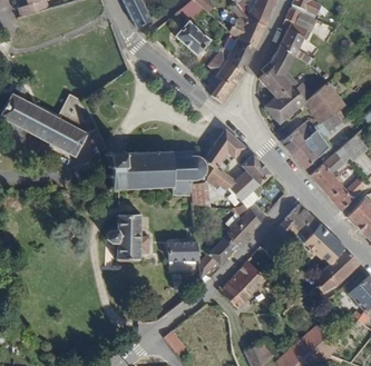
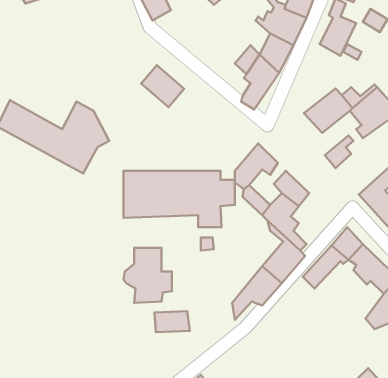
building: [172,20,208,56] -> [141,65,184,107]
building: [256,47,294,106] -> none
building: [290,131,328,168] -> none
building: [172,246,202,264] -> [154,311,190,332]
building: [221,258,265,307] -> none

